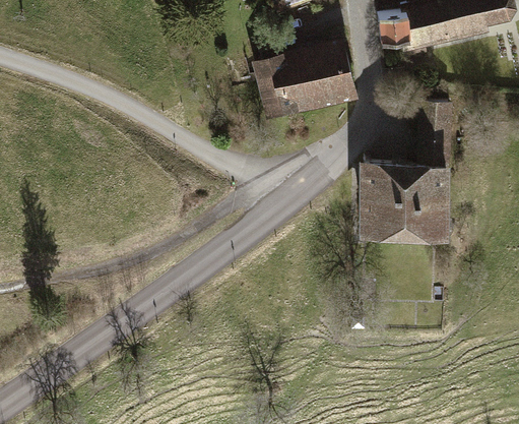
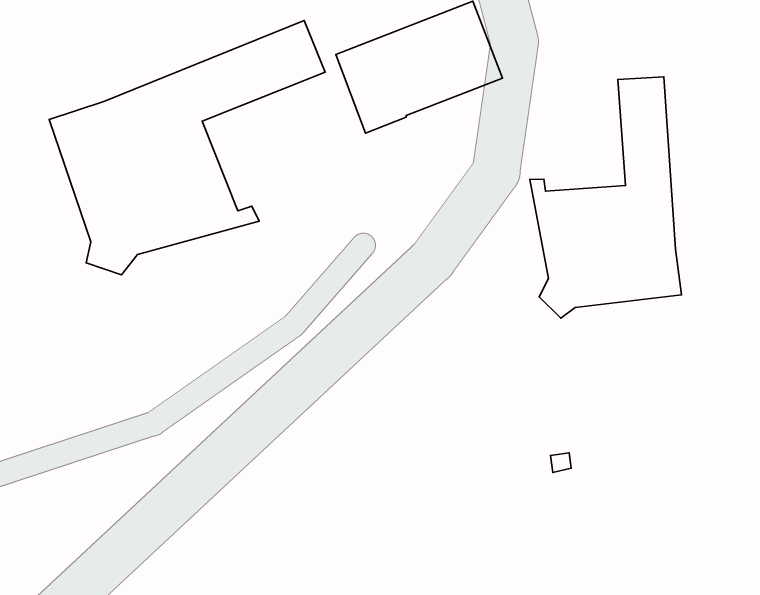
building: none -> [49,21,325,275]

